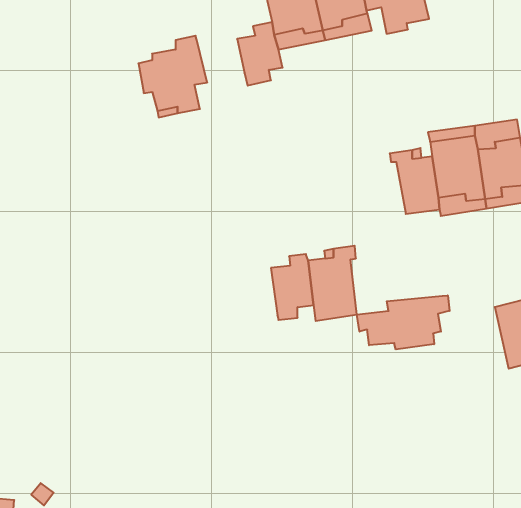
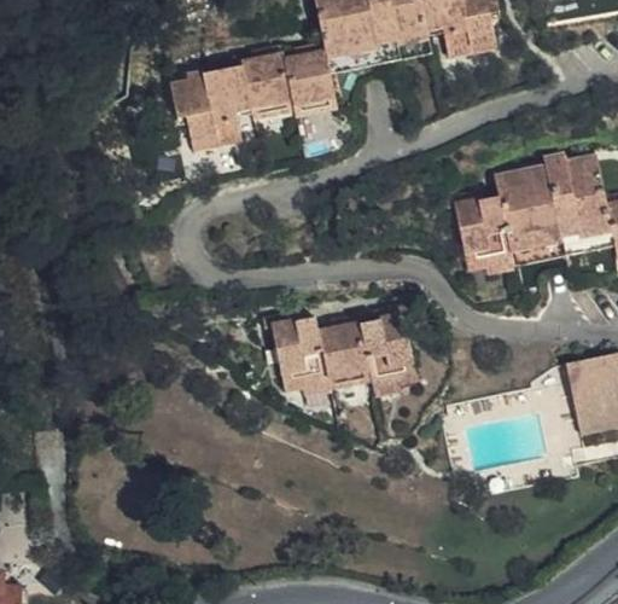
building: none -> [232,46,286,120]
building: none -> [268,314,323,384]
building: [357,295,450,349] -> none

